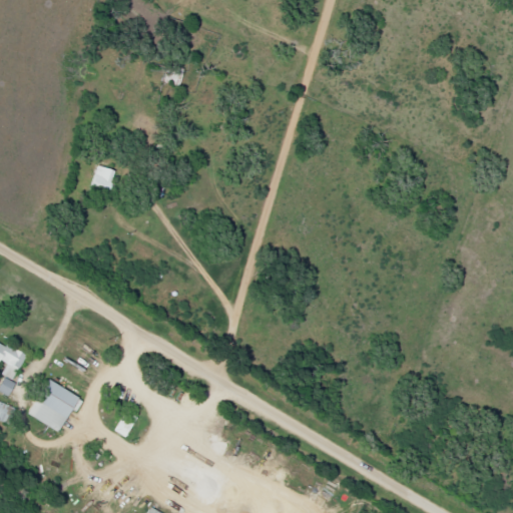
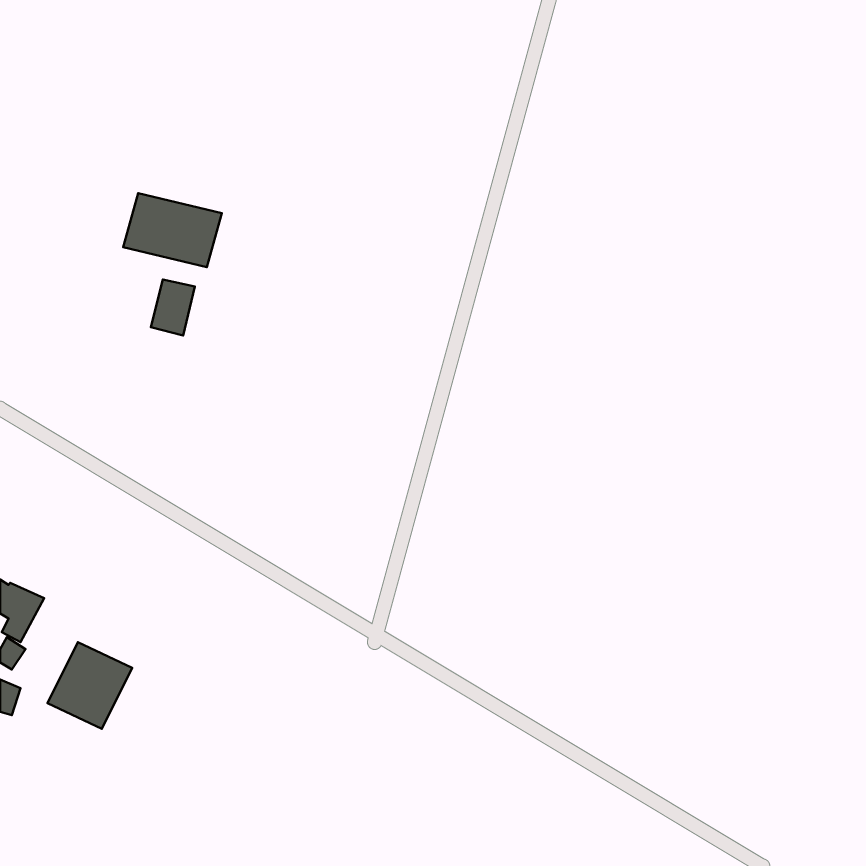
building: none -> [123,193,222,267]

